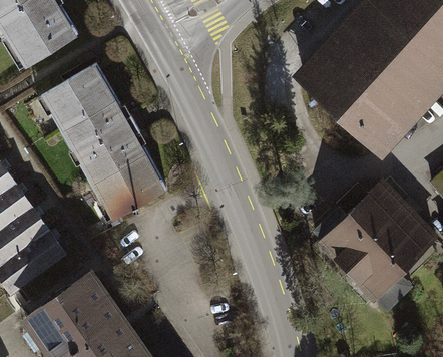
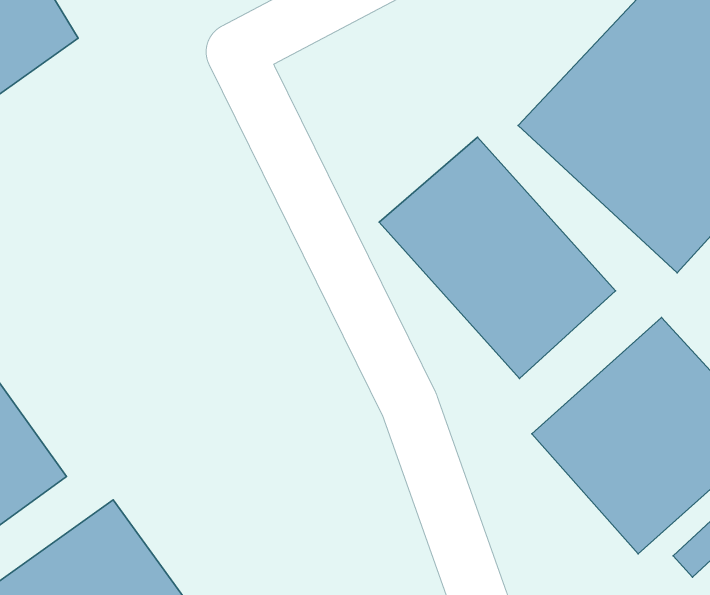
building: [41,65,163,220] -> none
building: none -> [379,137,615,379]

